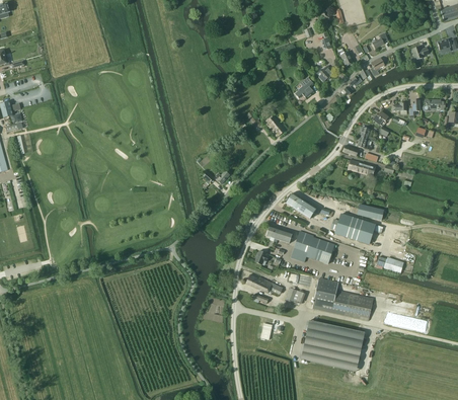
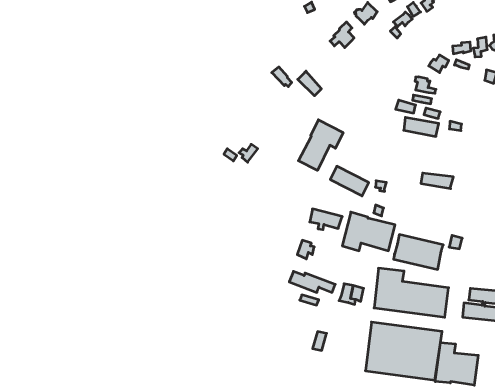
building: none -> [298,120,343,170]
building: [334,214,375,244] -> [394,235,443,269]
building: none -> [435,343,478,385]

